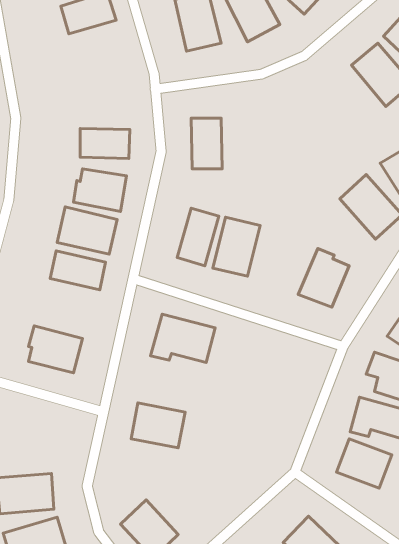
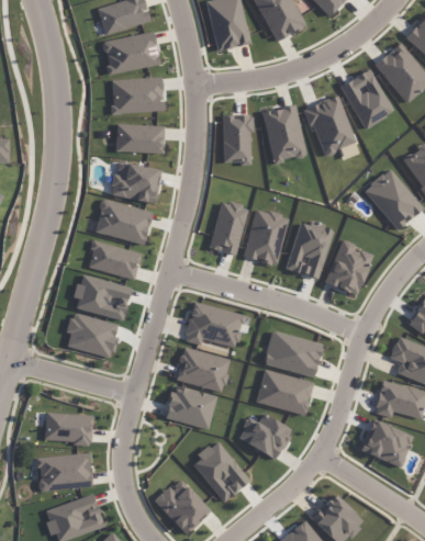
building: none -> [102,31,159,74]
building: none -> [339,69,392,127]
building: none -> [110,77,163,113]
building: none -> [311,100,353,153]
building: none -> [261,104,304,162]
building: none -> [284,221,333,278]
building: none -> [72,273,130,318]
building: none -> [261,330,321,376]
building: none -> [174,347,230,392]
building: none -> [254,369,312,415]
building: none -> [44,413,91,444]
building: none -> [236,413,291,459]
building: none -> [190,440,249,501]

